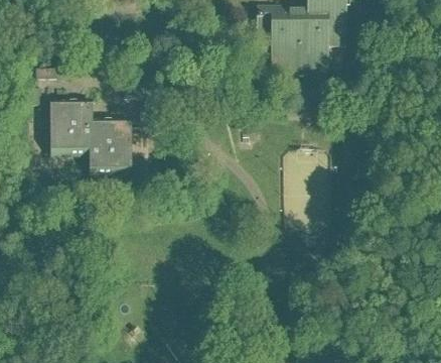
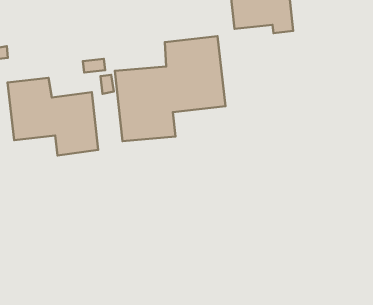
building: none -> [115,36,225,141]

